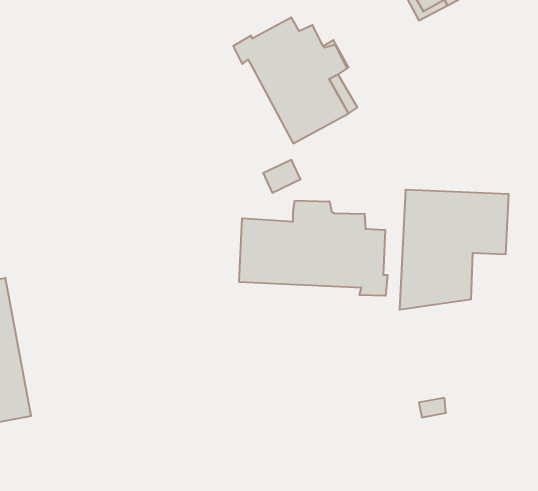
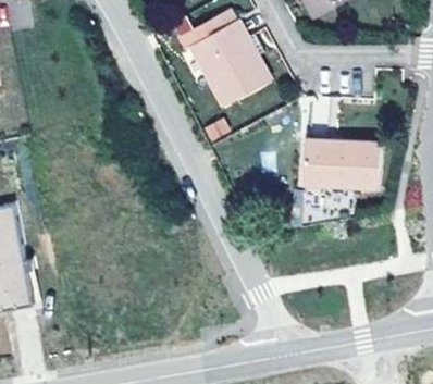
building: [239,201,387,296] -> none

